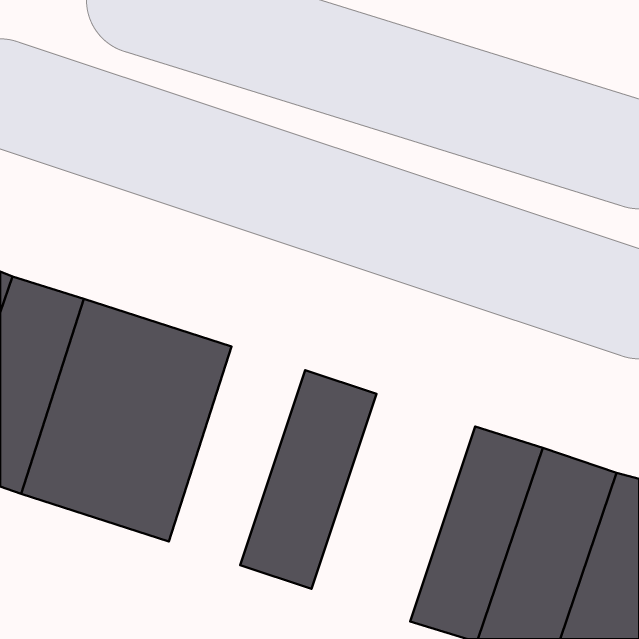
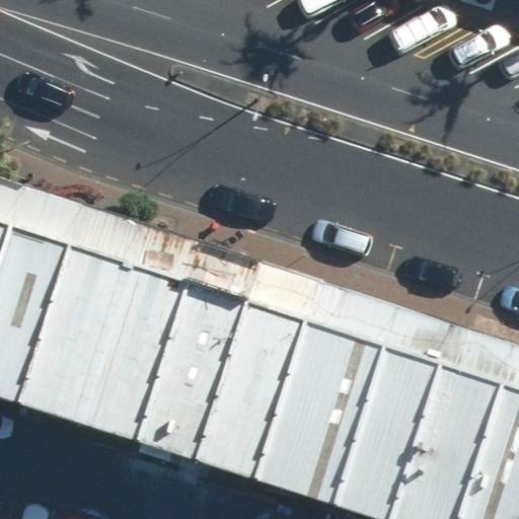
building: none -> [137,281,247,458]
building: none -> [252,319,385,504]

